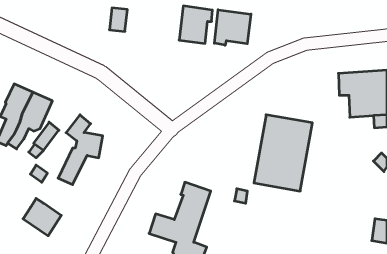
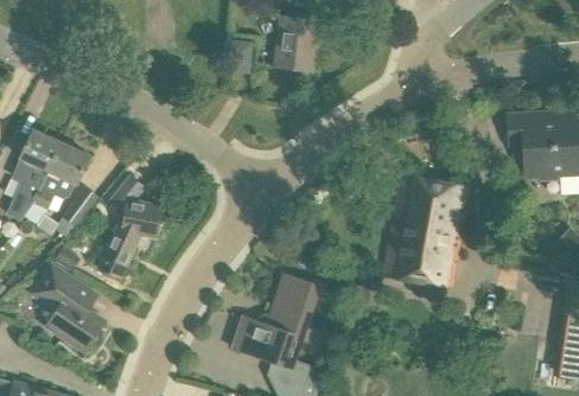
building: [109,8,127,31] -> [227,39,253,74]
building: [214,10,251,45] -> none
building: none -> [32,264,87,309]

